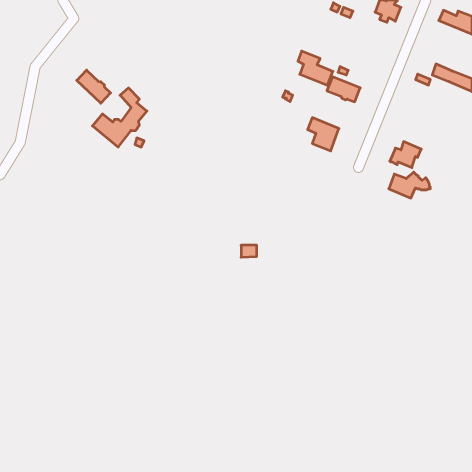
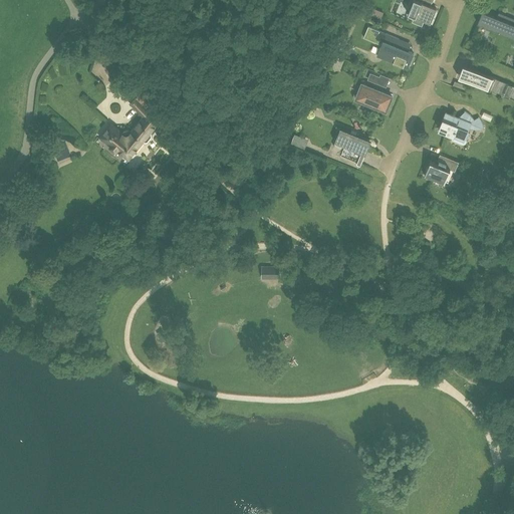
building: [298,51,333,85] -> [374,31,413,68]
building: [77,70,111,103] -> none
building: [389,172,430,198] -> [439,111,484,140]

